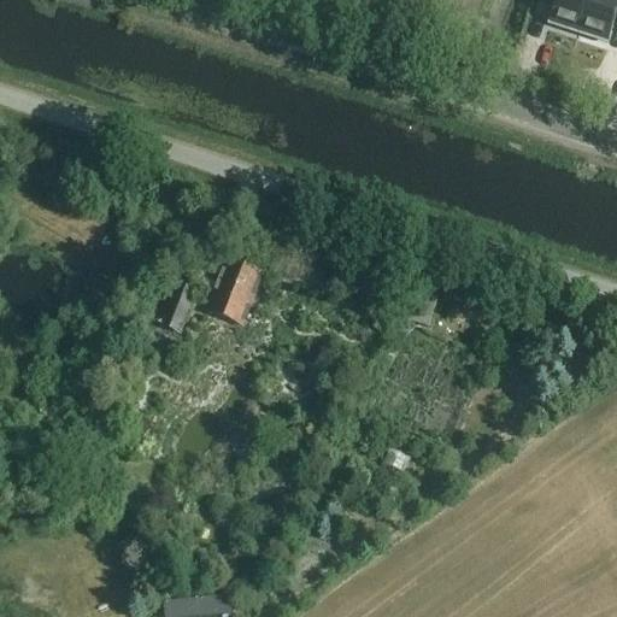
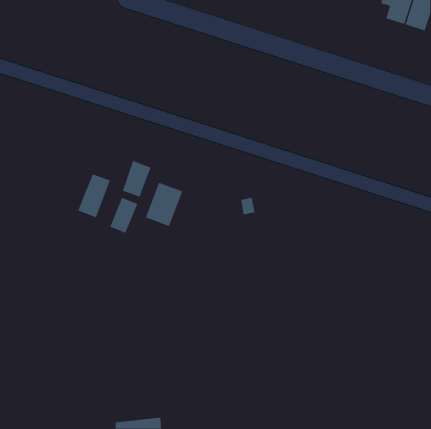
building: none -> [122,160,151,198]
building: none -> [78,173,111,218]

